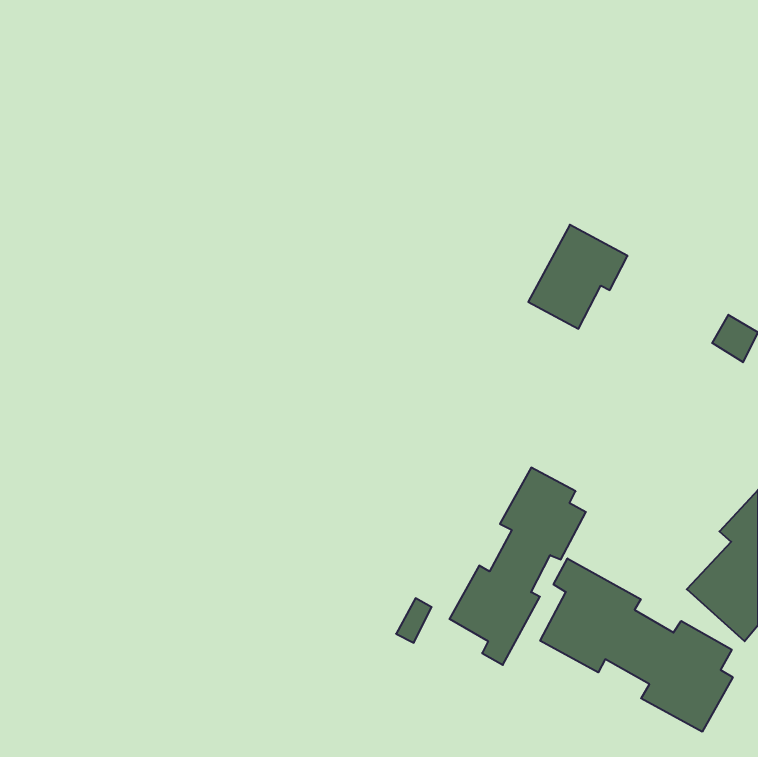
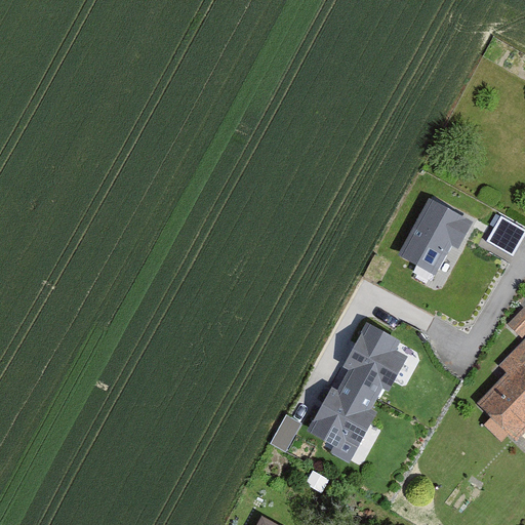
building: [528,225,628,329] -> [401,200,470,272]
building: [540,558,733,732] -> none

